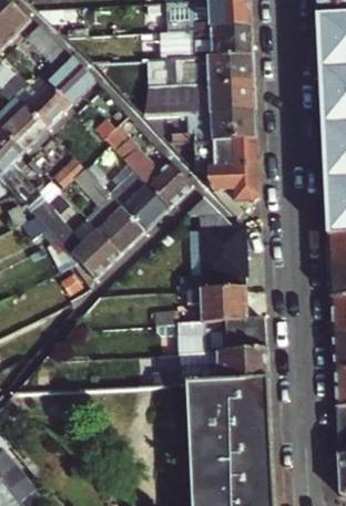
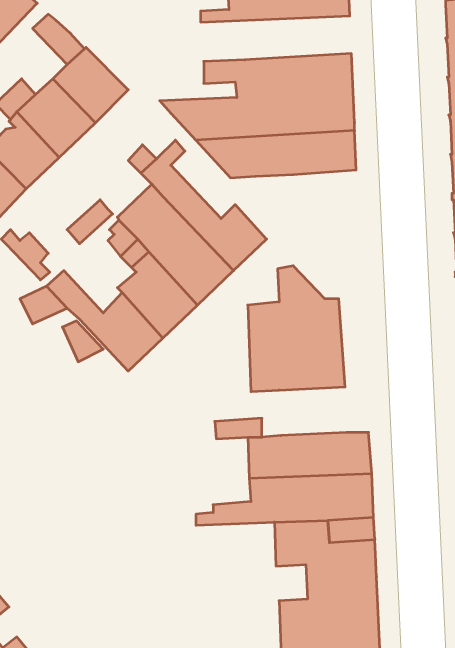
building: [139,28,254,59] -> none
building: [192,136,261,217] -> none
building: [203,289,251,323] -> none

